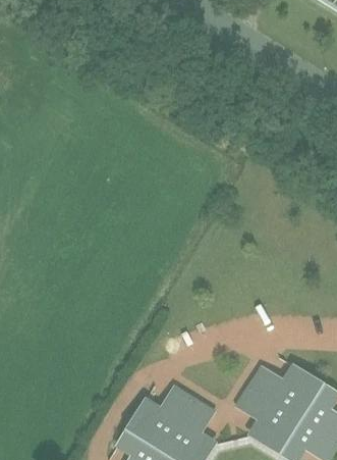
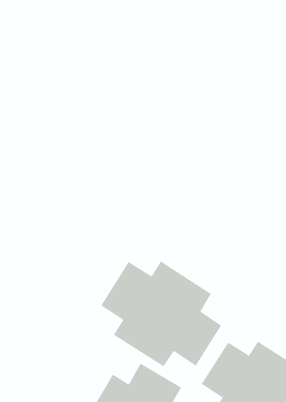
building: none -> [100,261,222,367]

